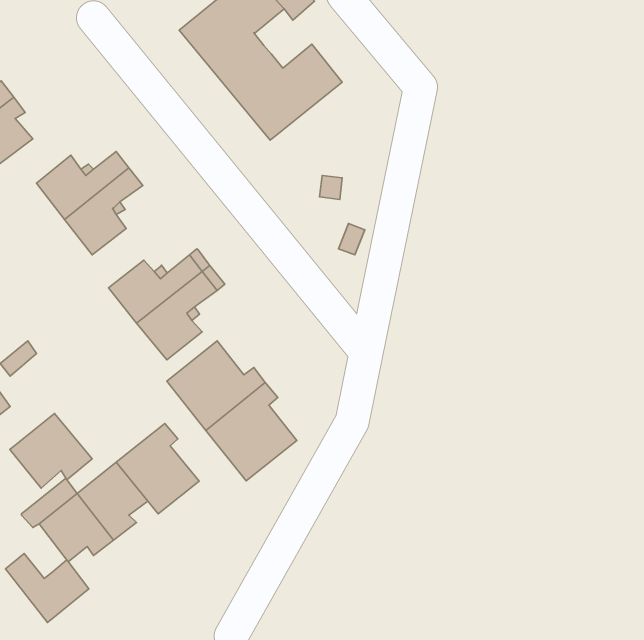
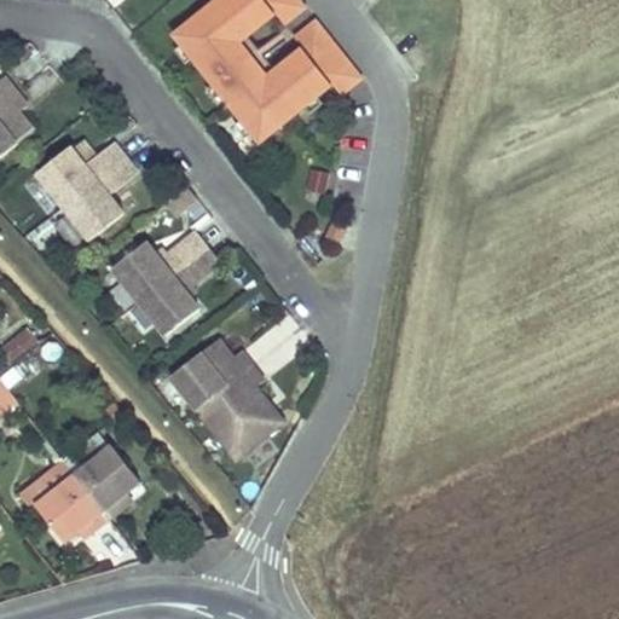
building: none -> [290,13,358,89]
building: [10,413,92,488] -> none
building: [116,424,199,514] -> none
building: [6,554,89,622] -> none

